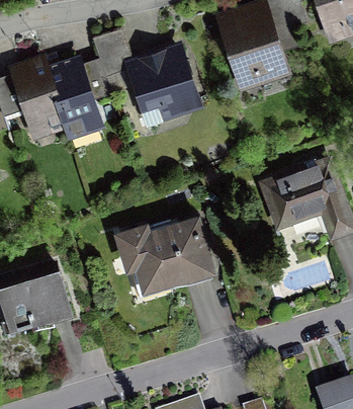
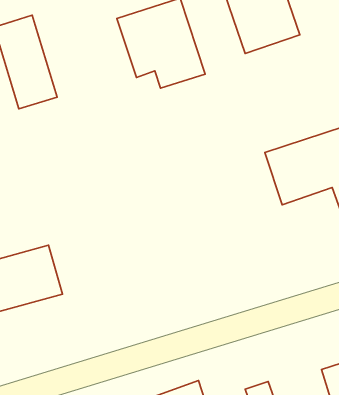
building: [48,54,105,142] -> none
building: [113,216,216,295] -> none

